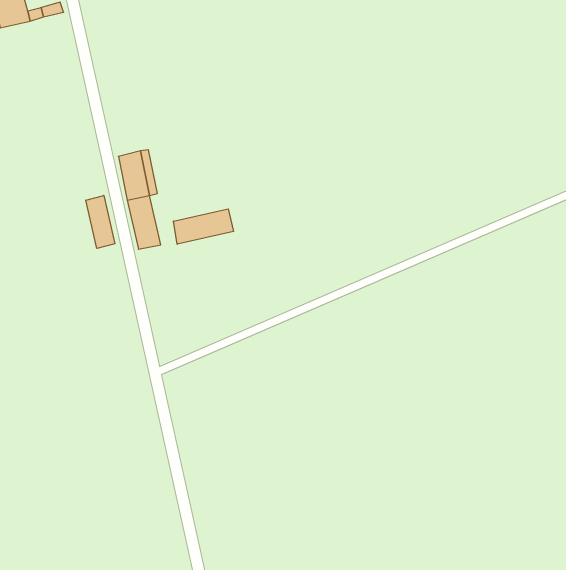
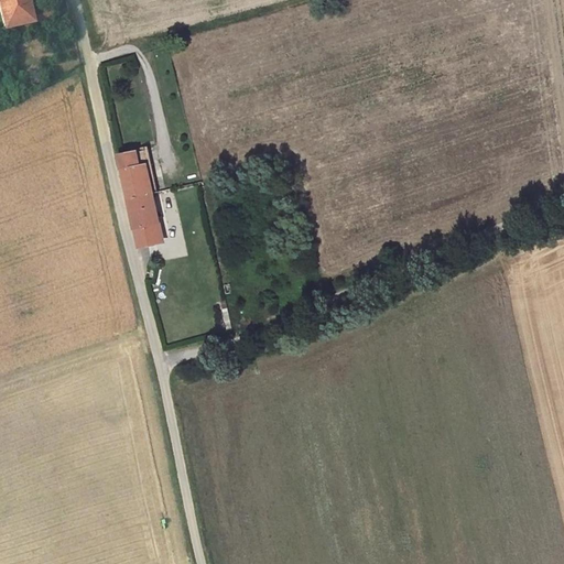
building: [86,195,115,248] -> none
building: [173,209,233,244] -> none

